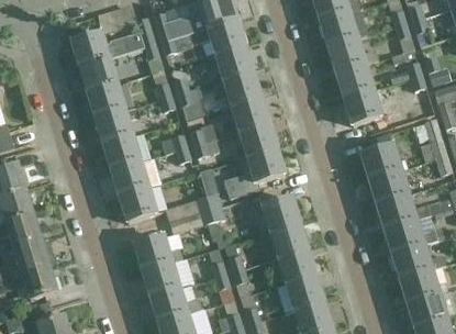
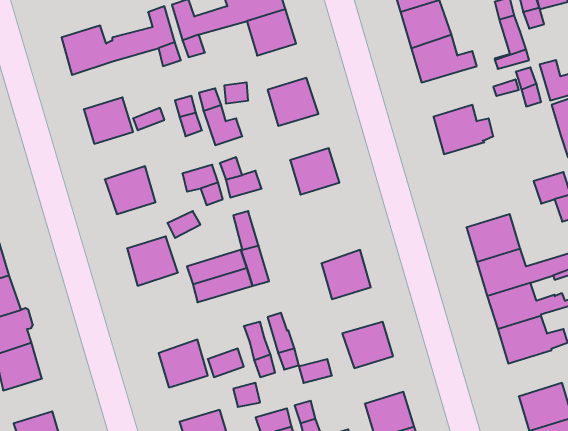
building: [215,44,252,78] -> none
building: [79,57,116,92] -> none
building: [336,64,374,98] -> none
building: [231,96,268,130] -> none
building: [96,109,133,144] -> none
building: [362,144,401,179] -> none
building: [223,146,283,199] -> none
building: [112,160,148,194] -> none
building: [270,223,308,257] -> none
building: [134,235,171,271] -> none
building: [400,269,440,303] -> none
building: [287,274,323,309] -> none
building: [151,288,198,322] -> none

